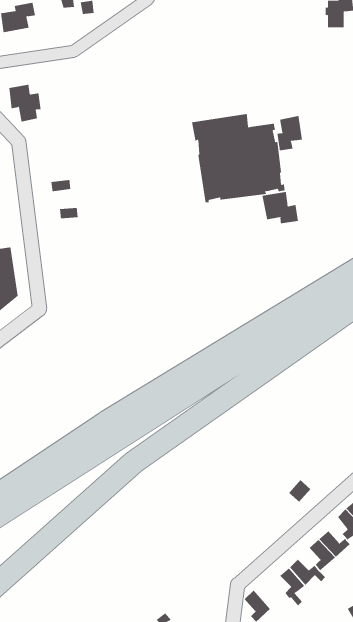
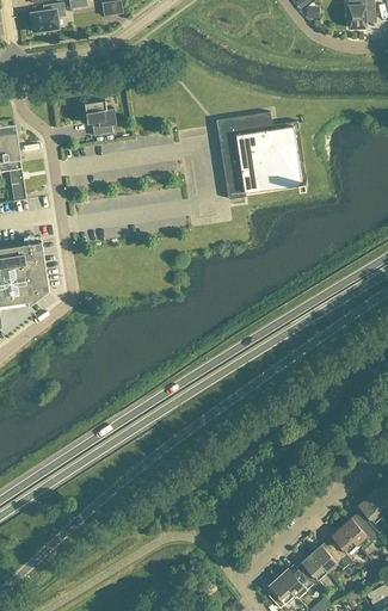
building: [8,84,42,122] -> [84,100,116,137]
building: [277,115,303,151] -> none
building: [262,191,298,224] -> none
building: none -> [277,564,312,599]

